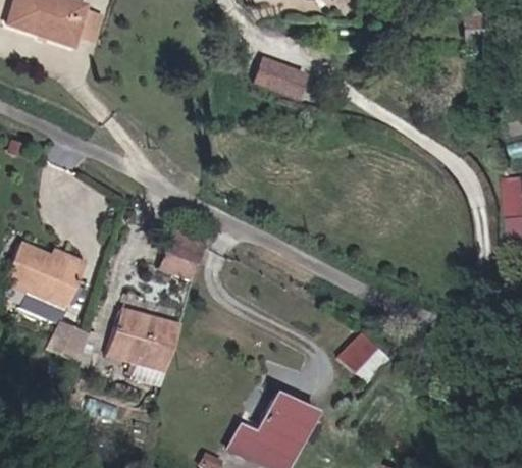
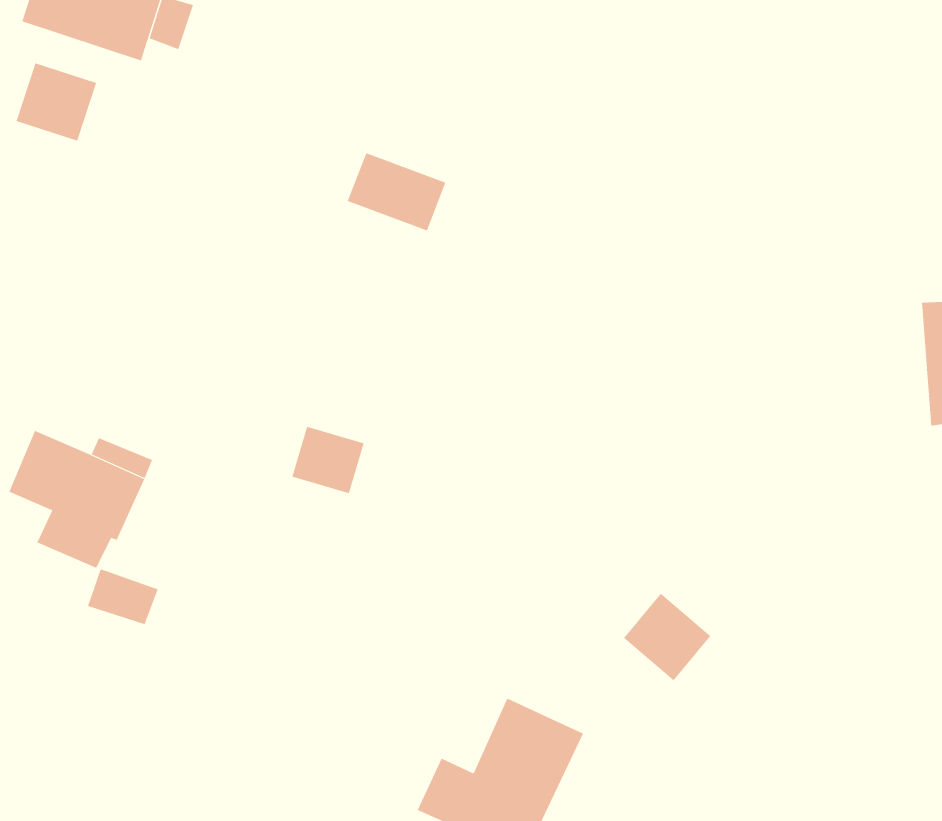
building: none -> [16,63,97,141]
building: [253,58,307,101] -> [347,152,446,231]
building: [109,308,178,381] -> none

